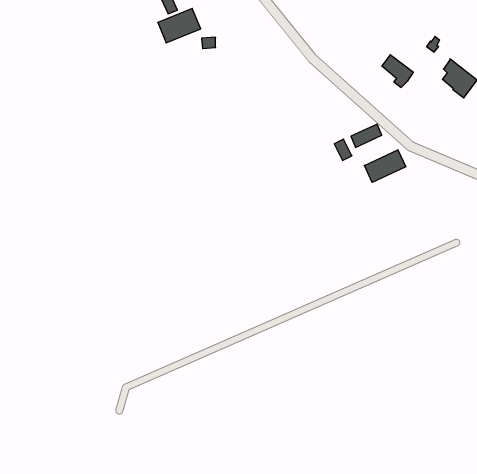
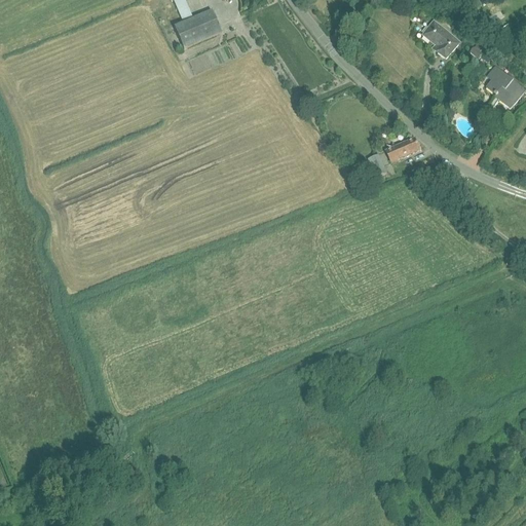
building: [382,55,413,87] -> [424,22,459,58]
building: [364,150,406,182] -> none

